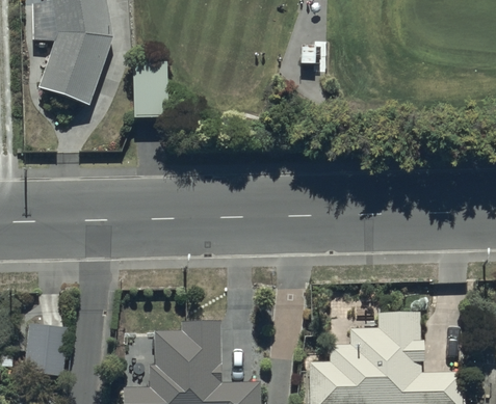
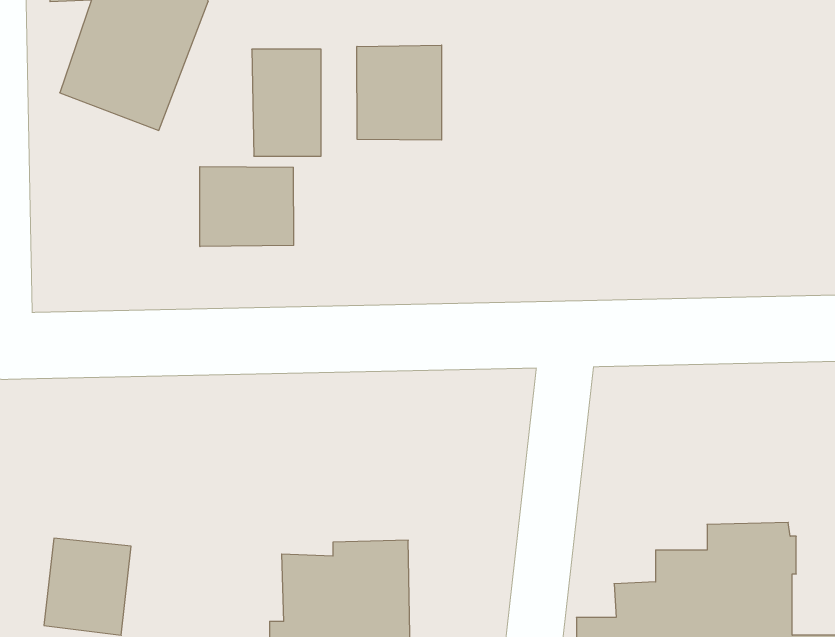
building: none -> [357,45,442,140]
building: none -> [200,167,294,247]

